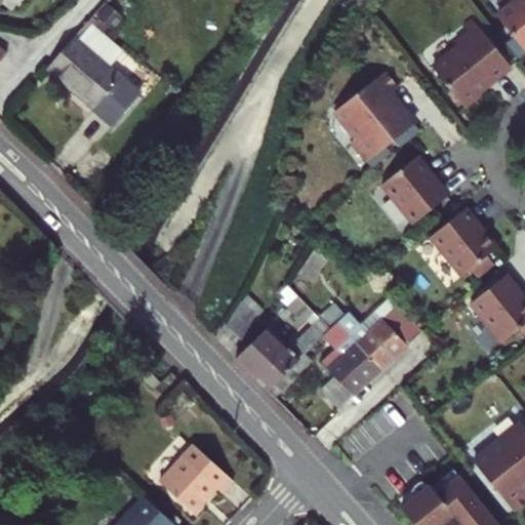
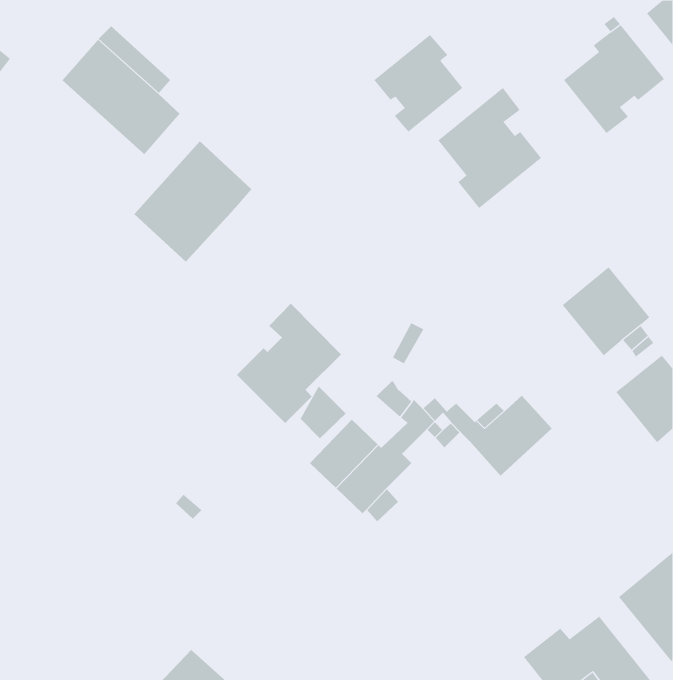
building: none -> [374,34,463,133]
building: none -> [133,141,252,262]
building: [382,156,450,224] -> none
building: none -> [236,303,342,424]
building: [323,341,383,408] -> none
building: [160,448,235,517] -> none

